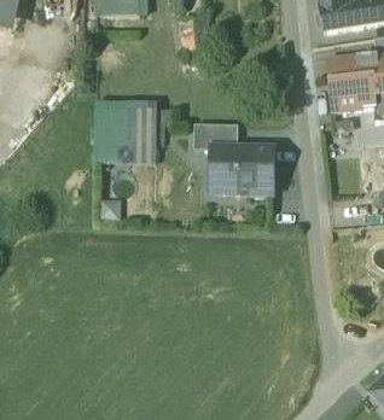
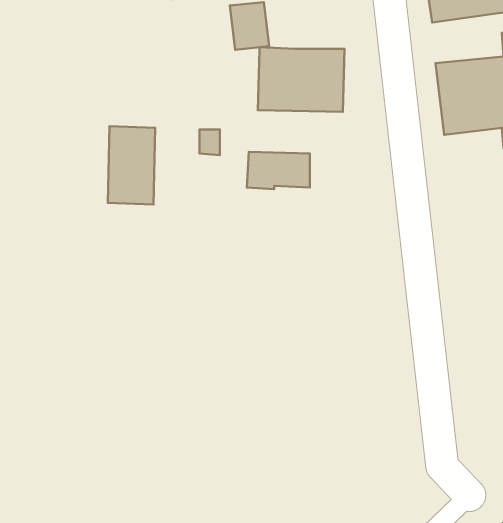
building: [127,105,157,159] -> none
building: [211,146,273,192] -> [258,47,345,112]

